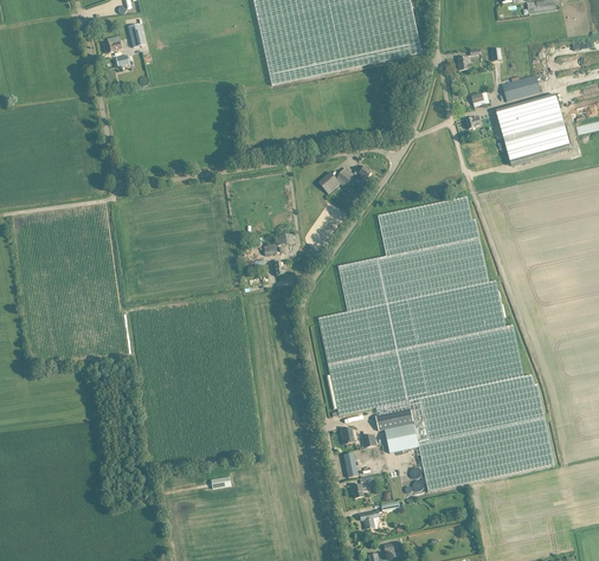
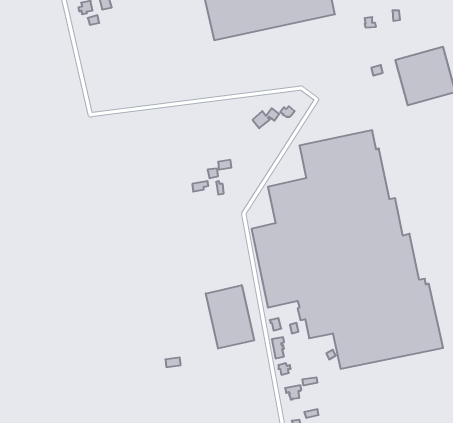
building: [502,73,541,101] -> none
building: none -> [206,285,254,349]

